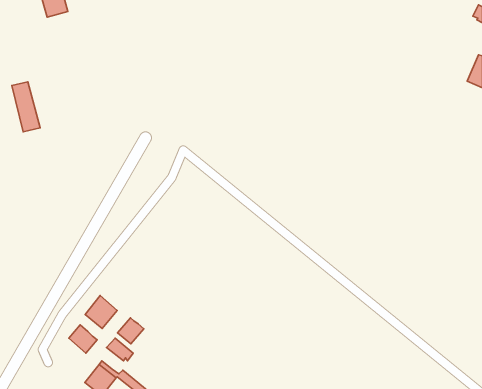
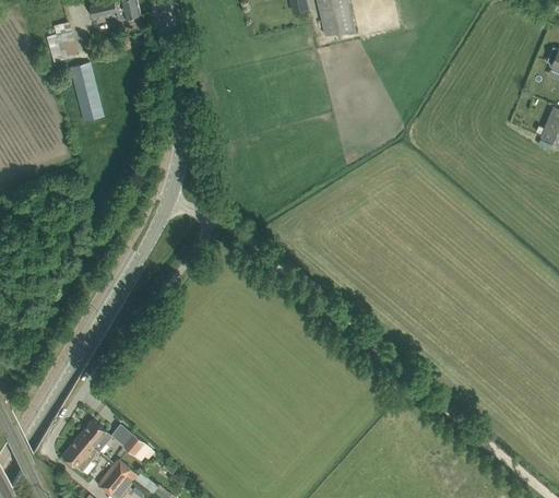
building: [12,82,40,132] -> [71,62,104,120]
building: [85,295,117,328] -> [62,434,99,472]
building: [118,318,144,344] -> none

